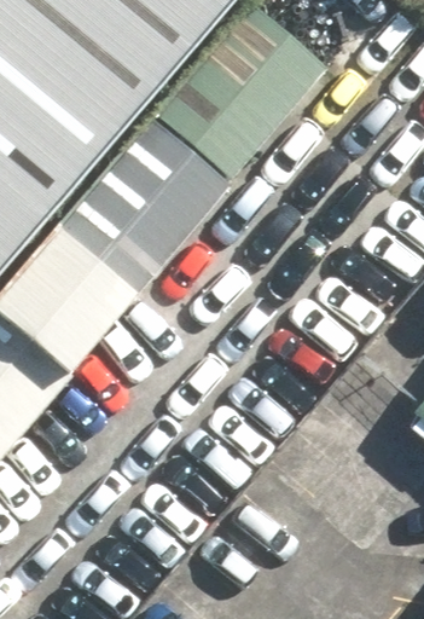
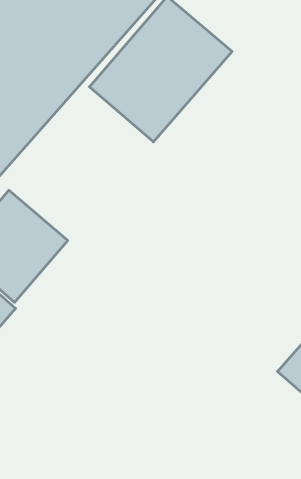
building: [50,121,226,301] -> none

